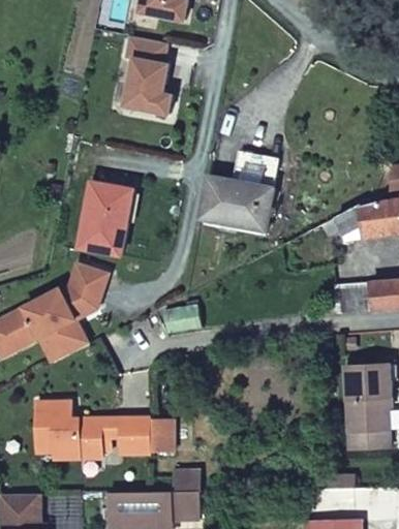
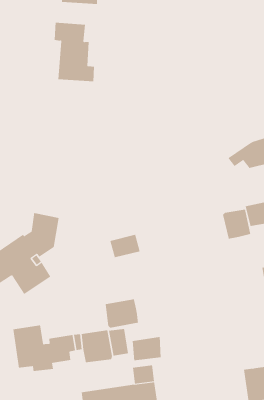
building: [199,153,278,231] -> none
building: [80,182,133,254] -> none
building: none -> [223,209,251,239]
building: none -> [105,299,139,329]
building: none -> [132,336,161,361]

